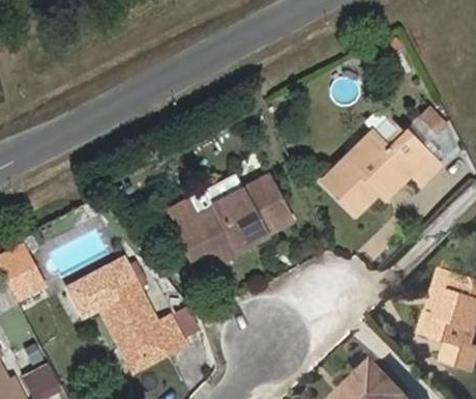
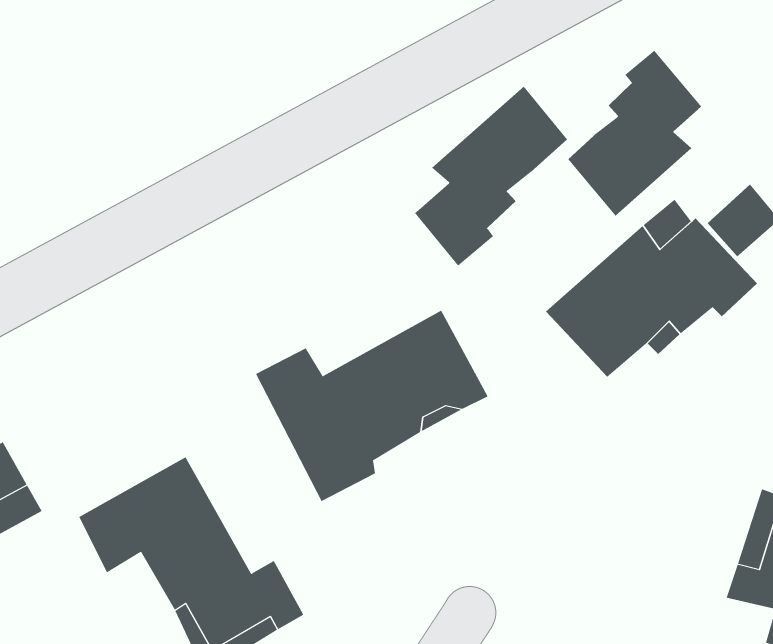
building: none -> [567,50,702,216]
building: none -> [414,86,568,266]

